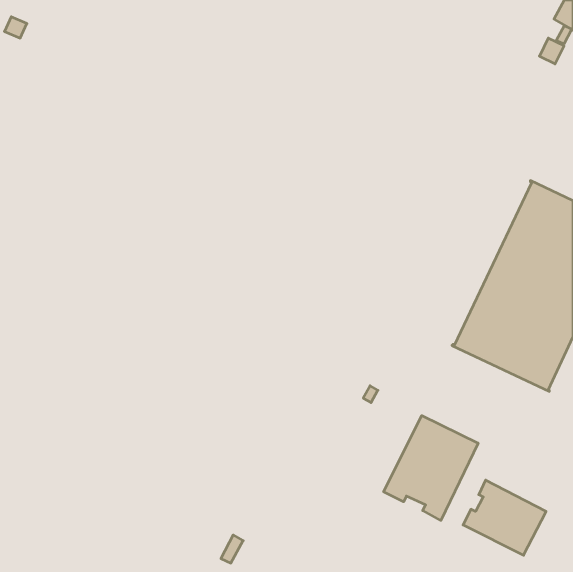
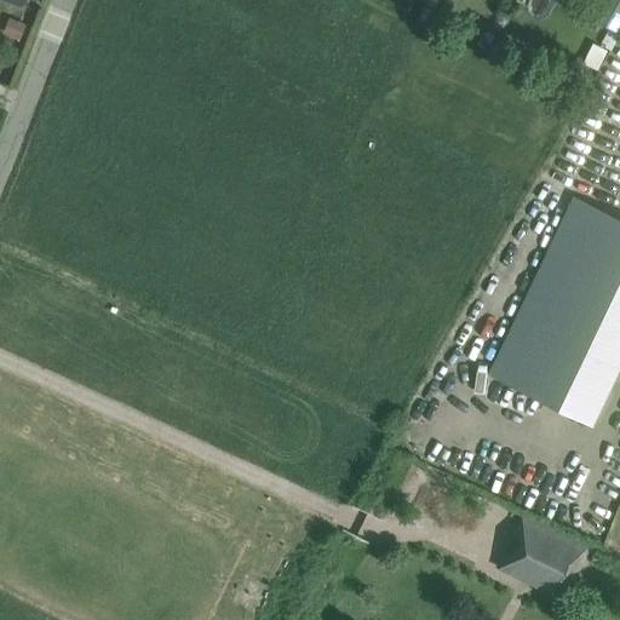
building: [384,416,478,520] -> none

